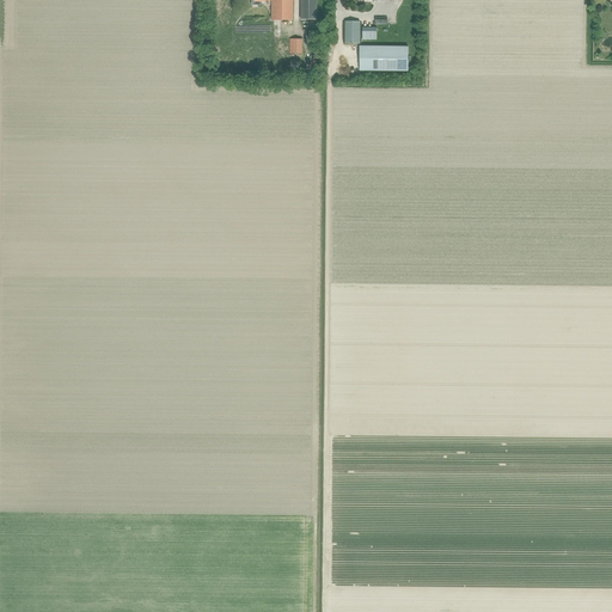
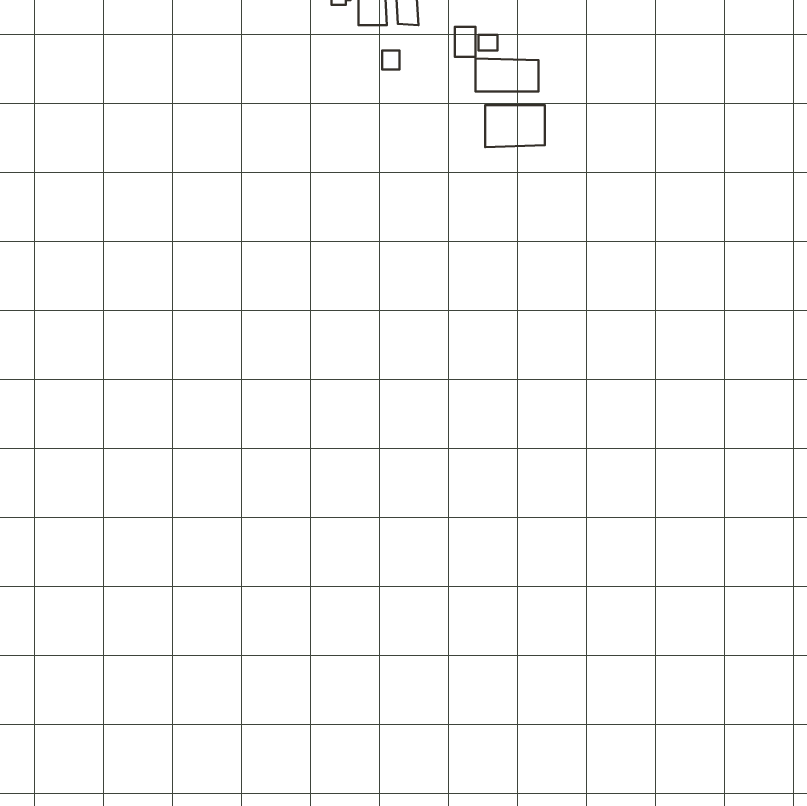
building: none -> [485,105,545,147]

